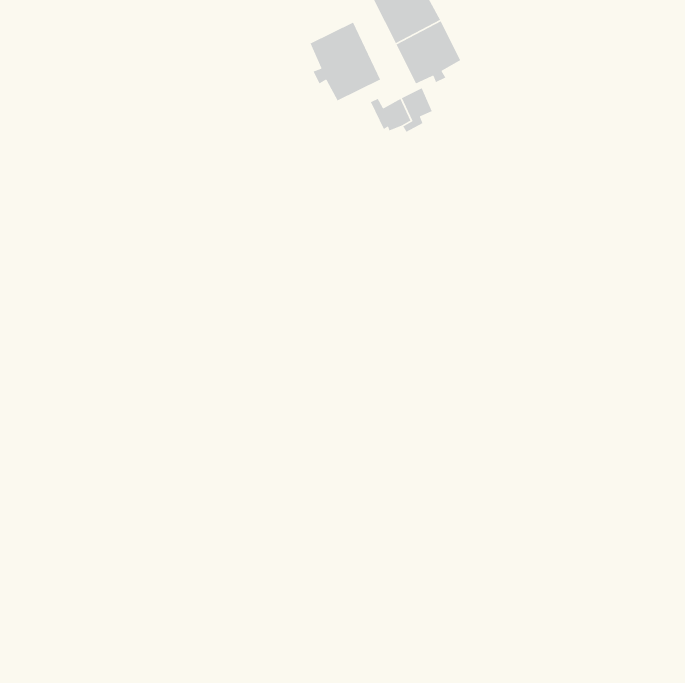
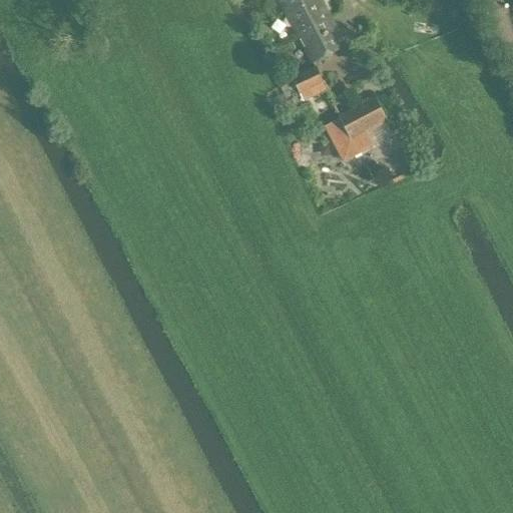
building: [310,21,381,102] -> none
building: none -> [333,97,389,162]

